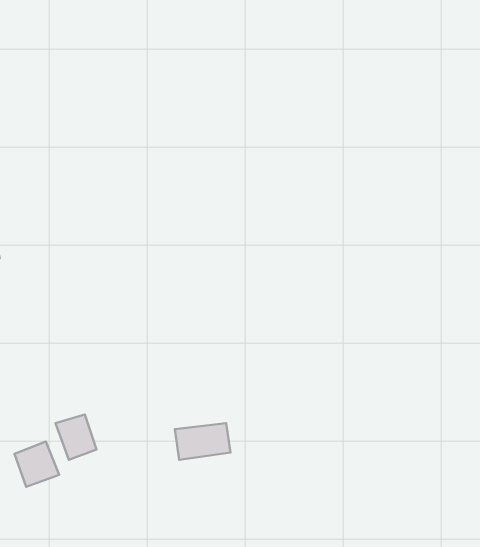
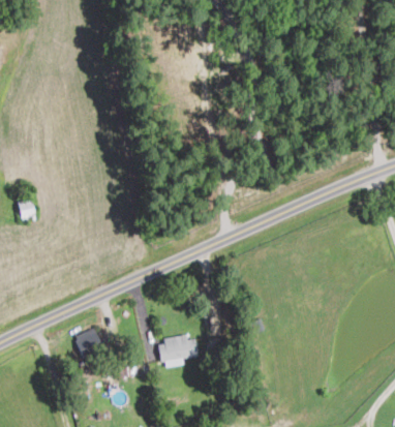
building: [14,442,59,487] -> none

